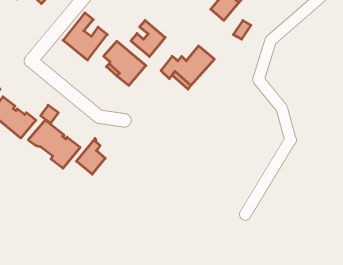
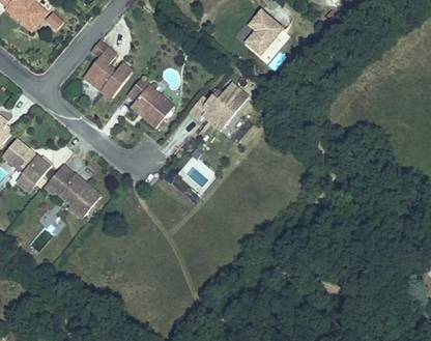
building: [131,20,165,57] -> none
building: [76,138,105,174] -> none

